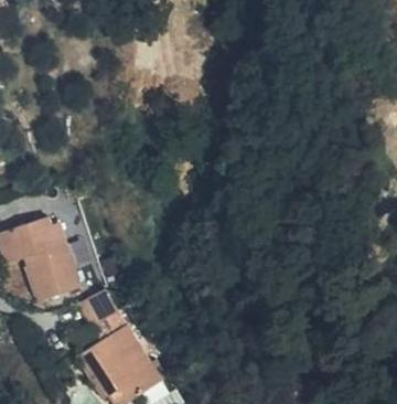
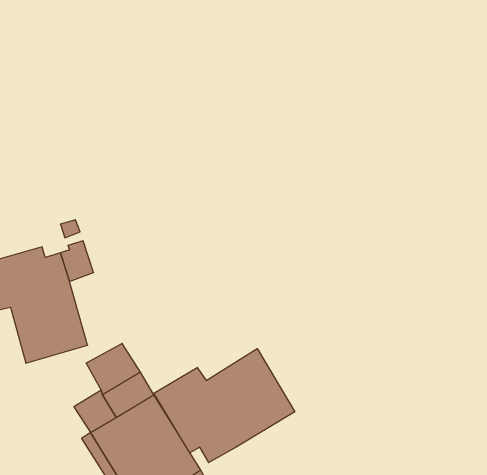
building: none -> [154,349,295,463]

